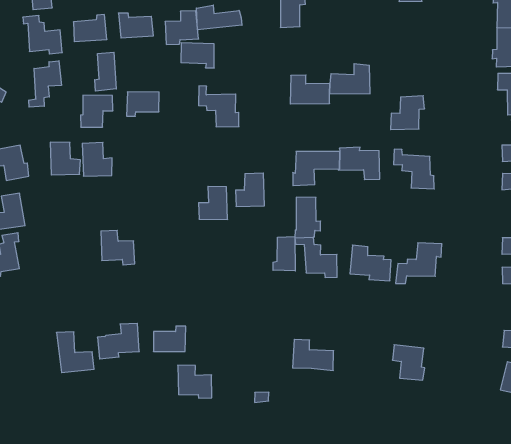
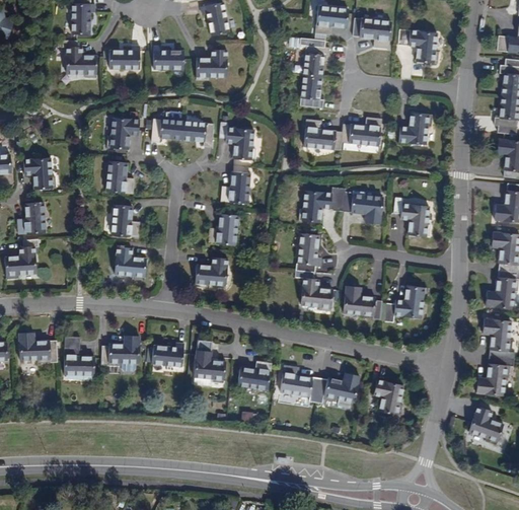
building: [196,5,242,30] -> none
building: none -> [298,74,322,107]
building: [181,43,214,68] -> [180,123,213,149]
building: [95,52,116,91] -> none
building: [29,61,61,107] -> none
building: [391,96,425,130] -> [398,110,432,141]
building: [50,142,80,175] -> [109,206,138,238]
building: [236,173,264,206] -> [220,173,248,205]
building: none -> [194,259,226,288]
building: [273,237,295,271] -> none
building: none -> [20,333,57,363]
building: none -> [238,360,273,389]
building: none -> [318,372,360,402]
building: [178,365,212,398] -> [196,349,228,382]

